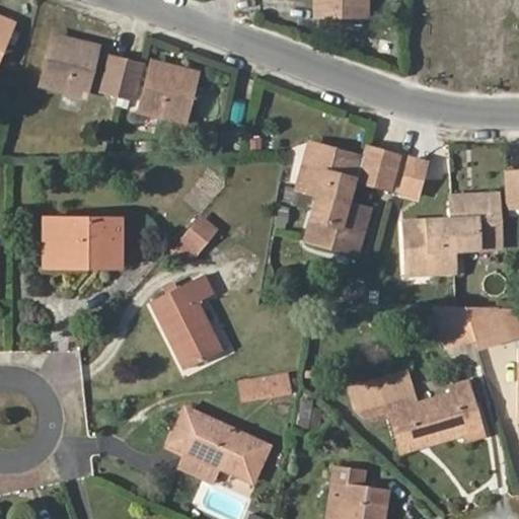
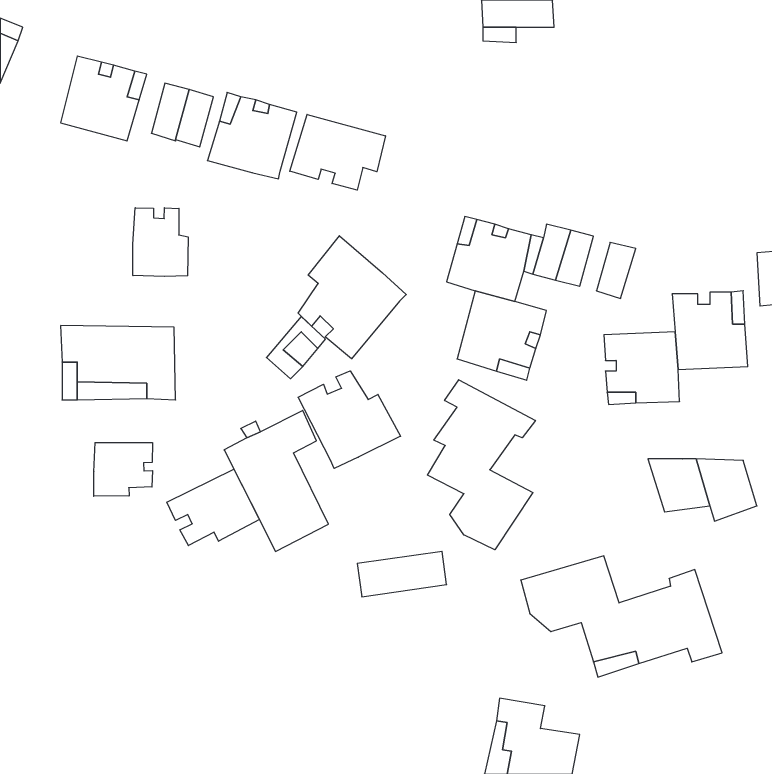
building: none -> [290,114,385,190]
building: none -> [133,208,188,276]
building: none -> [298,236,406,359]
building: none -> [298,371,401,468]
building: none -> [427,380,535,550]
building: none -> [94,443,152,496]
building: none -> [167,469,259,546]
building: [172,409,270,485] -> none

